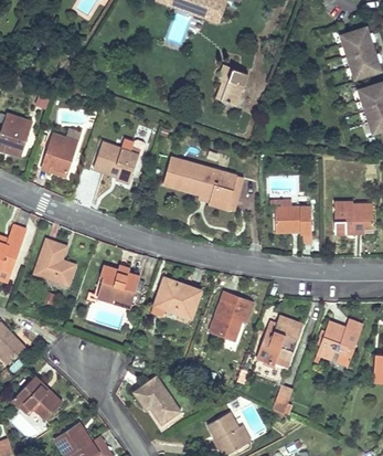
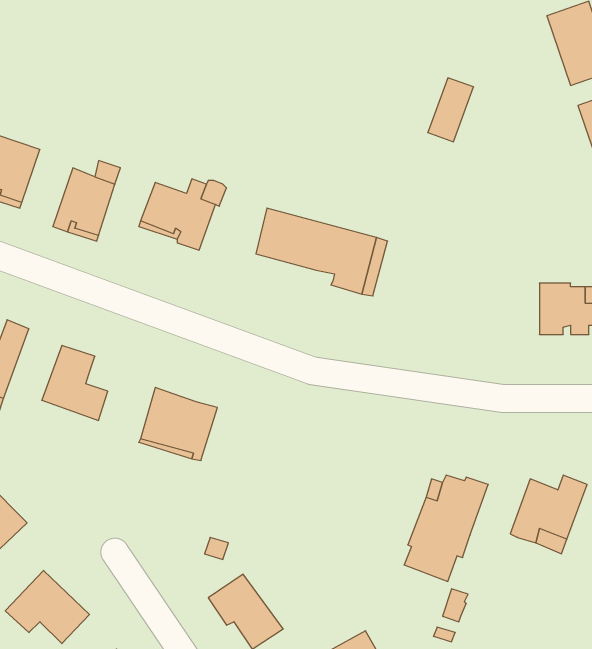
building: [221,67,248,106] -> [428,78,474,142]
building: [275,206,311,233] -> none
building: [155,277,201,318] -> none
building: [210,291,253,340] -> none

